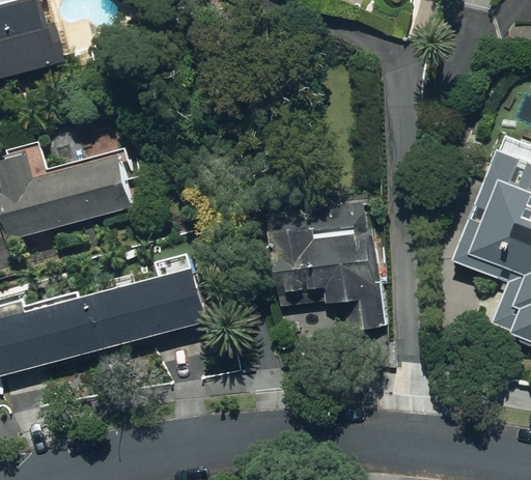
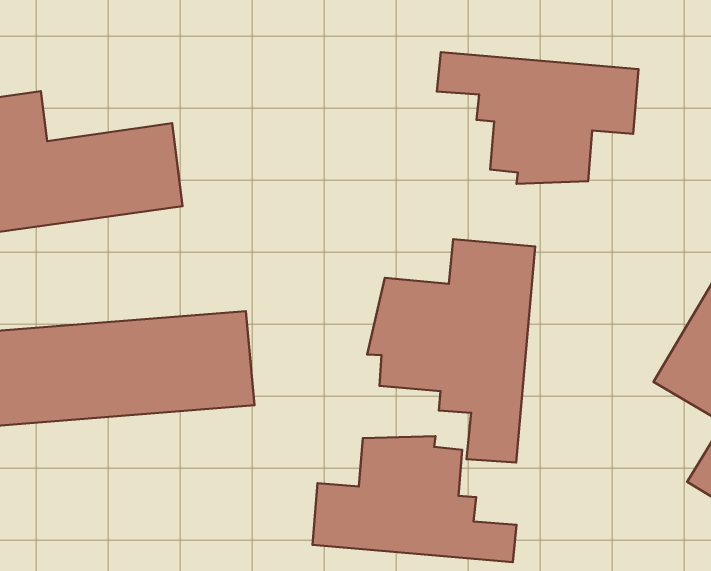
building: none -> [437,52,639,184]
building: none -> [312,436,517,562]

